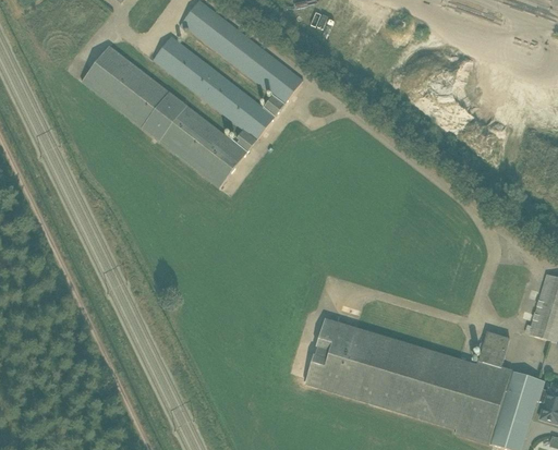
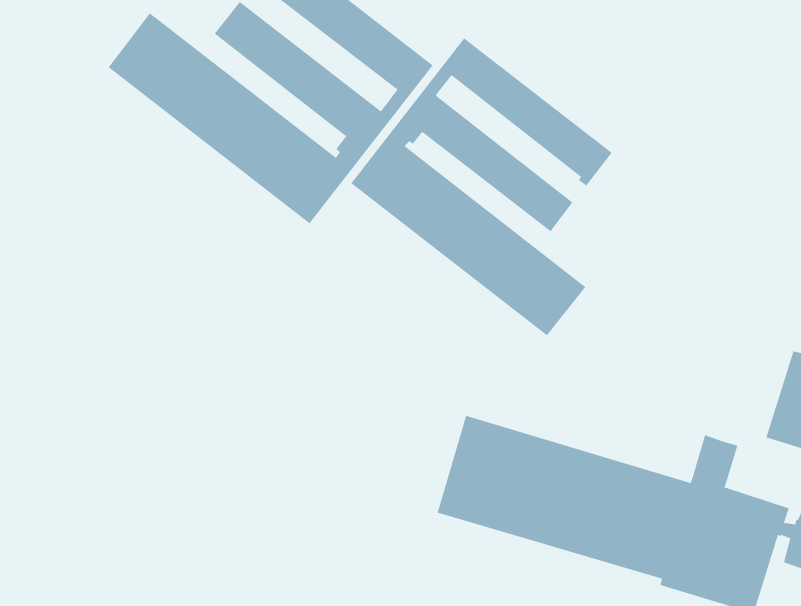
building: none -> [351,37,612,336]

